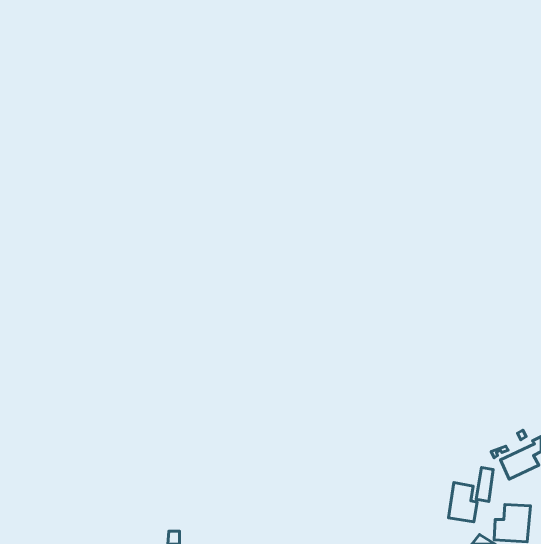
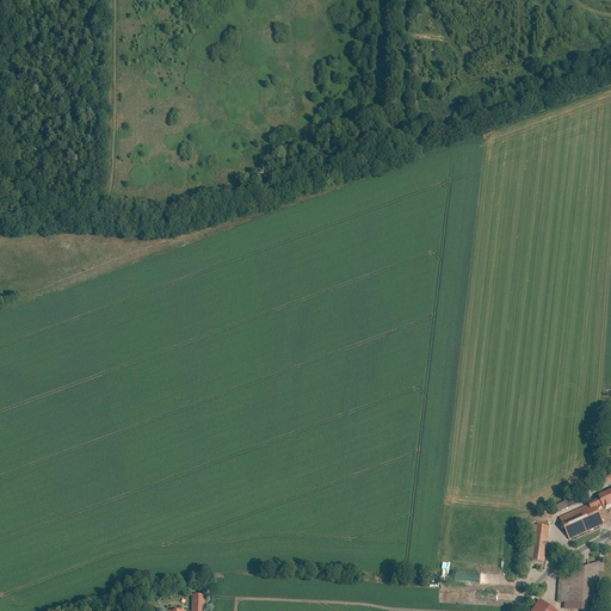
building: [448,482,477,522] -> none

